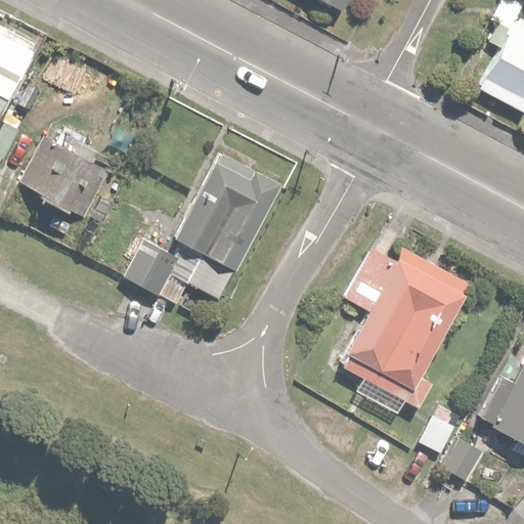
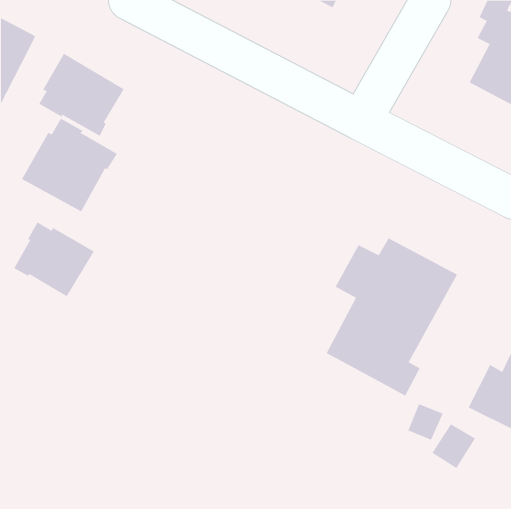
building: none -> [39,53,125,137]
building: [120,155,283,307] -> none
building: none -> [13,221,95,297]

